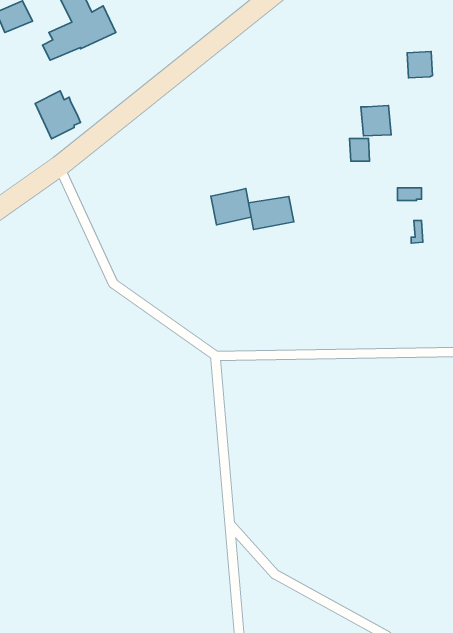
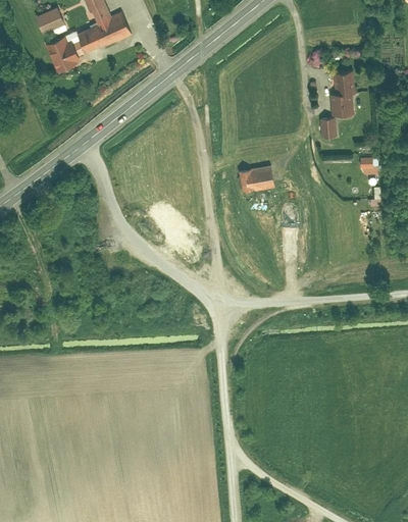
building: [407,51,432,78] -> [334,73,354,95]
building: [35,91,80,139] -> [44,37,81,75]
building: [211,188,251,225] -> none

